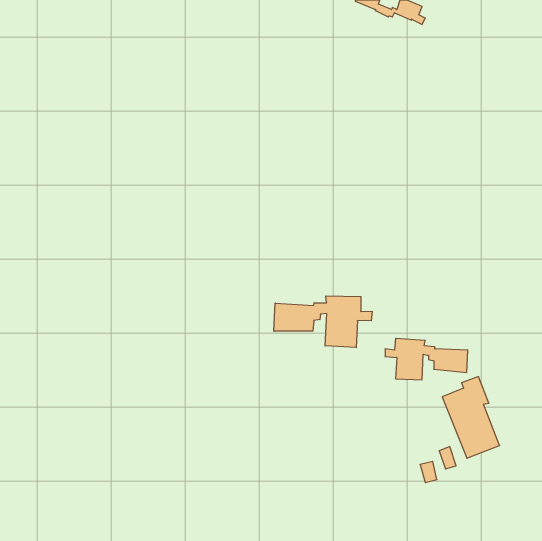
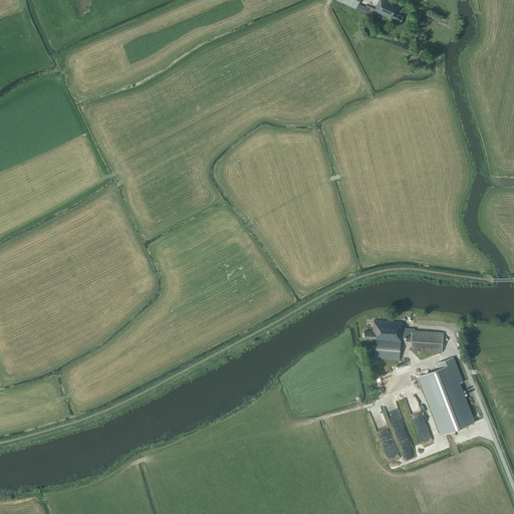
building: [274,296,372,348] -> none

